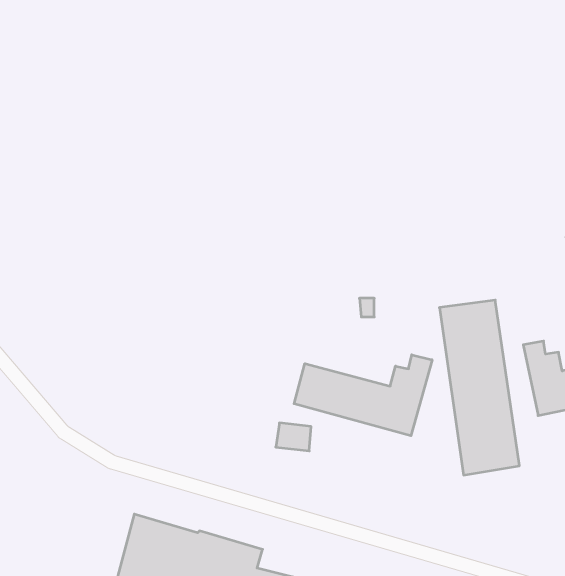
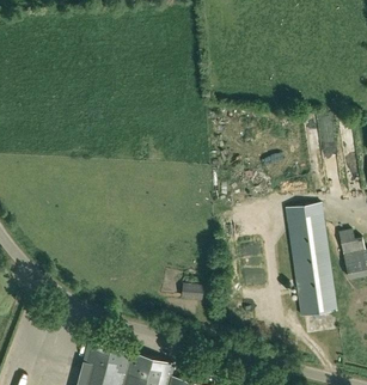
building: [294,355,432,436] -> none

